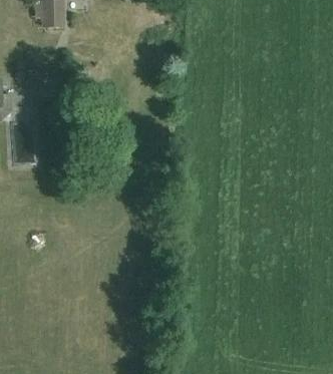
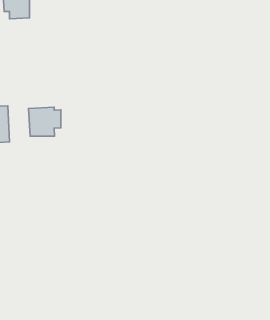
building: none -> [29,107,61,136]

